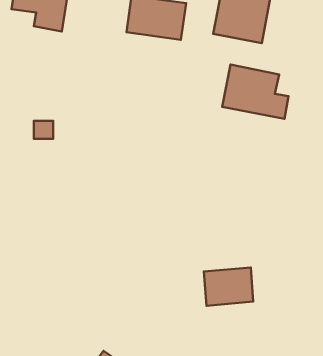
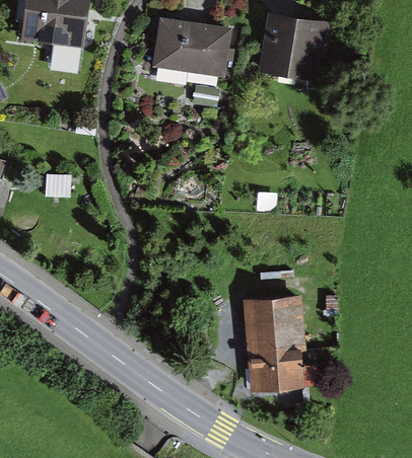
building: [222,65,288,119] -> none
building: none -> [244,294,304,351]

